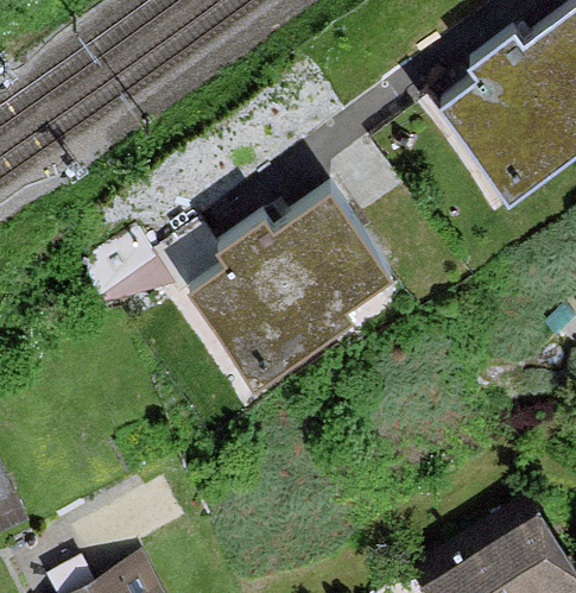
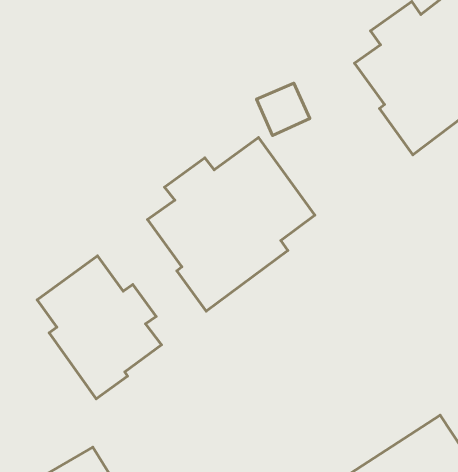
building: none -> [37,256,161,399]

